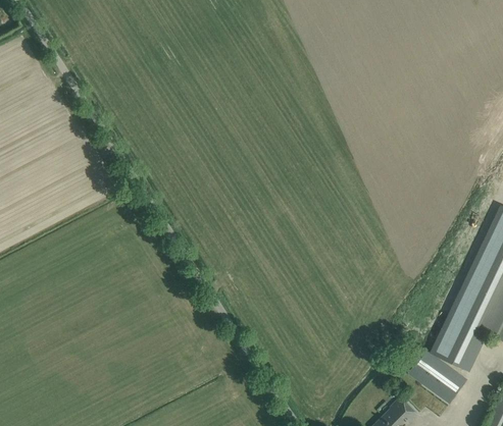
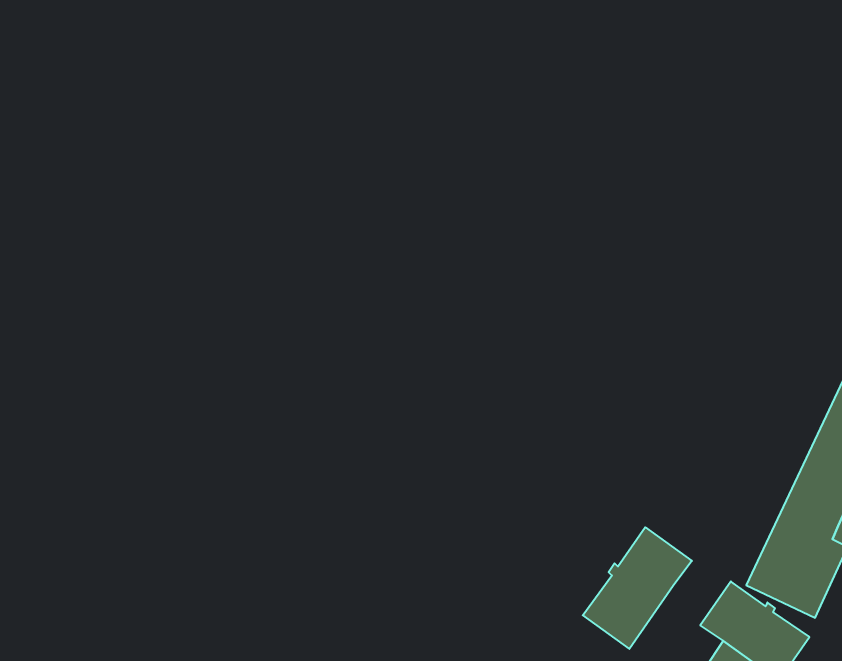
building: none -> [583,527,692,649]

